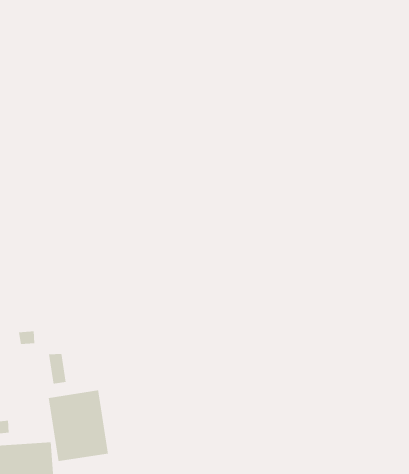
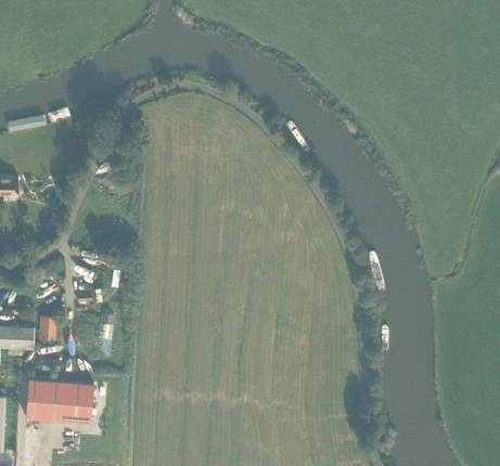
building: [48,390,108,462] -> none

